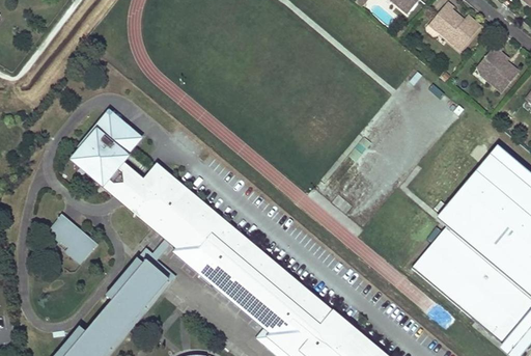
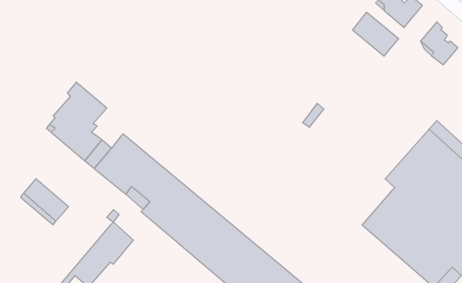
building: none -> [352,12,399,56]

